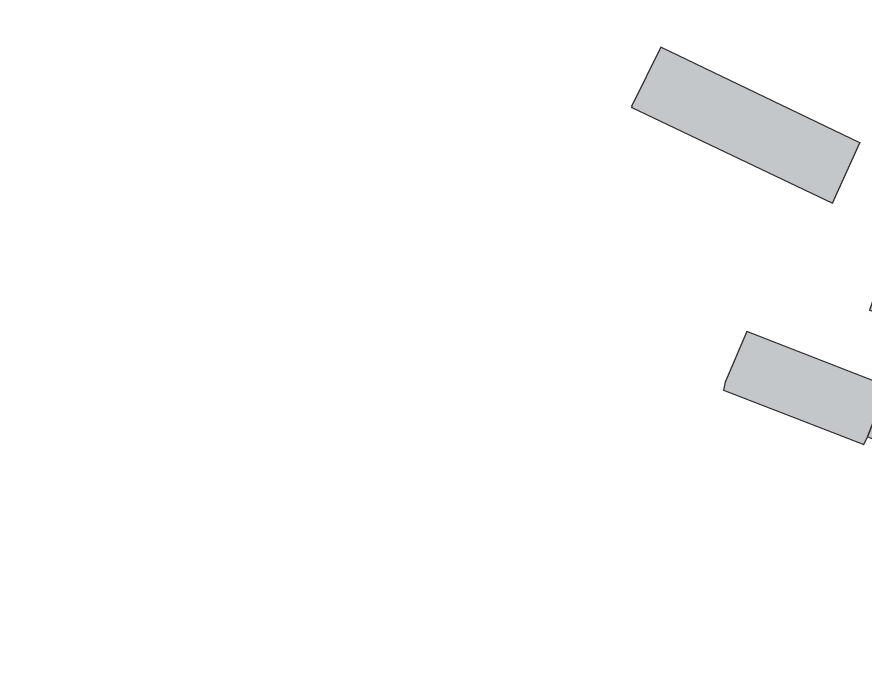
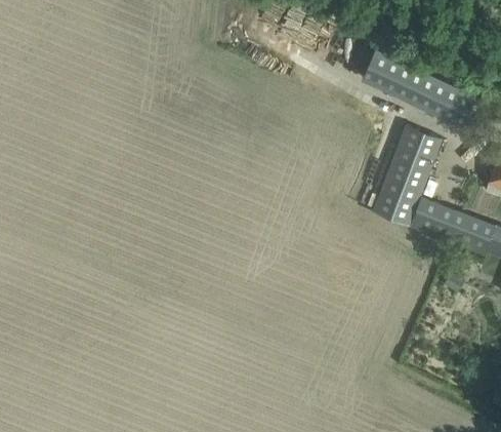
building: none -> [373,125,441,228]

